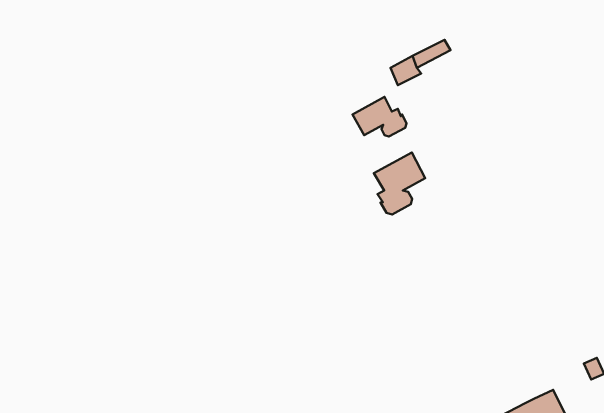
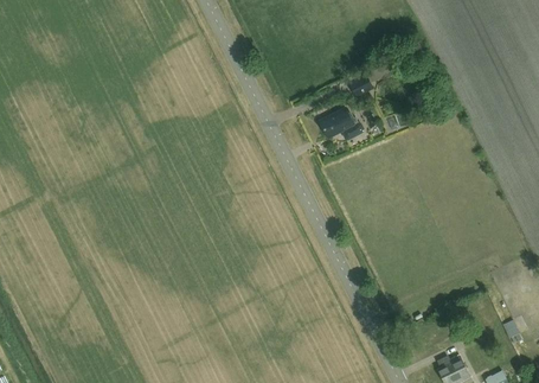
building: [374,152,425,214] -> none

